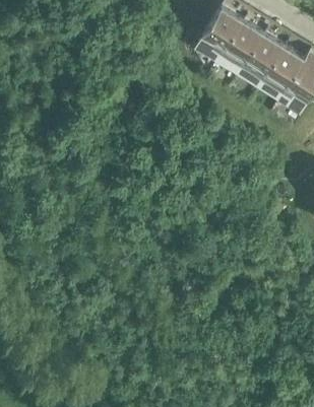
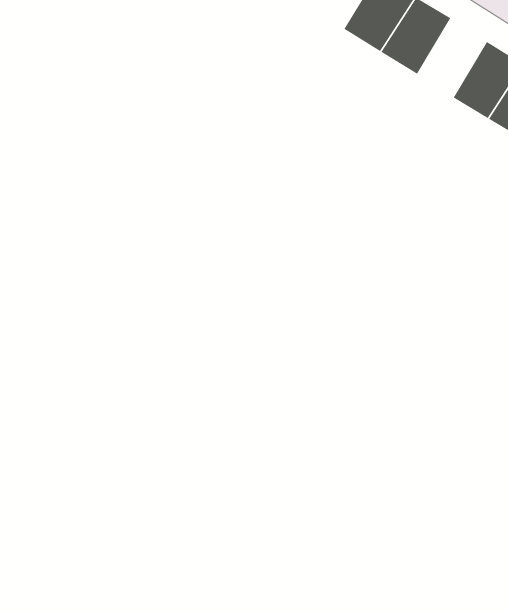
building: [242,37,281,82] -> none

